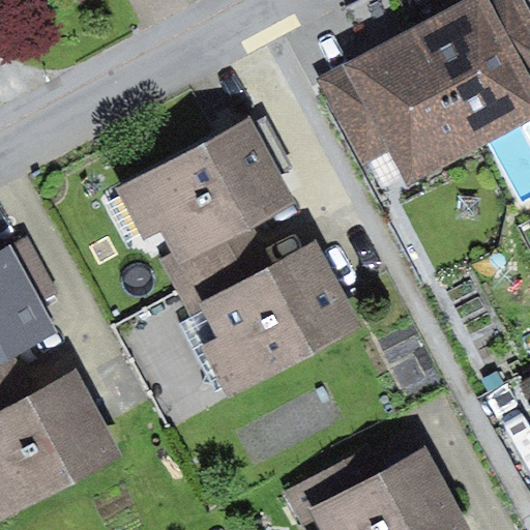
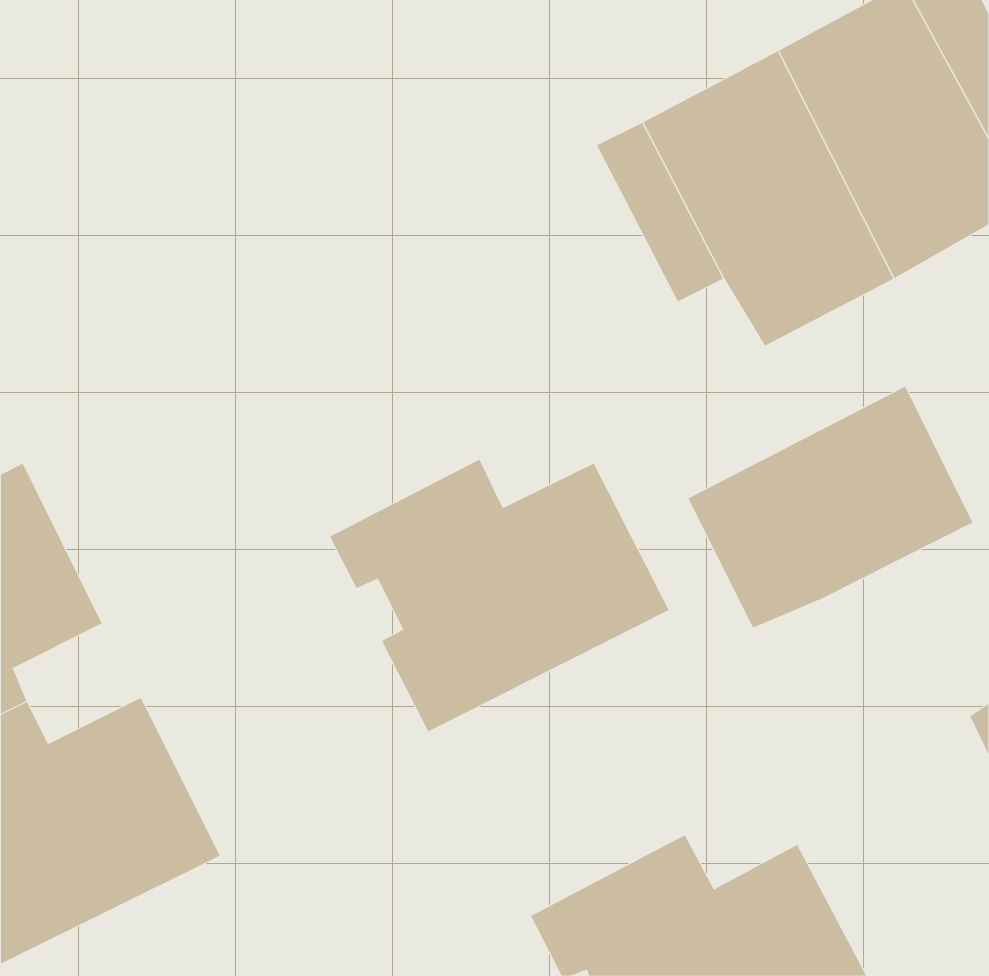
building: [119,122,294,287] -> none
building: none -> [688,386,973,629]

